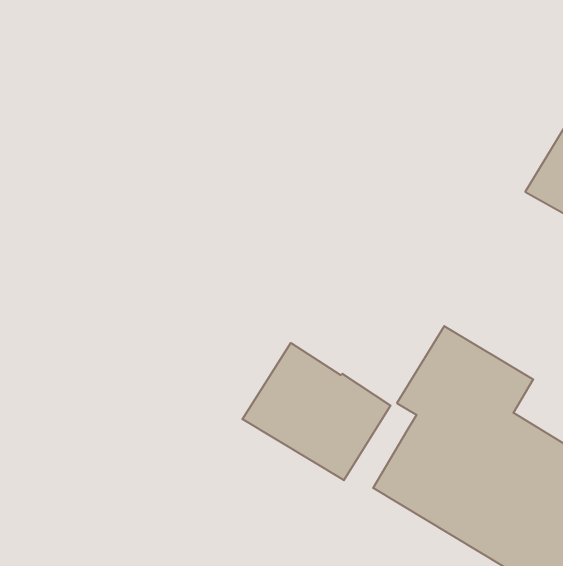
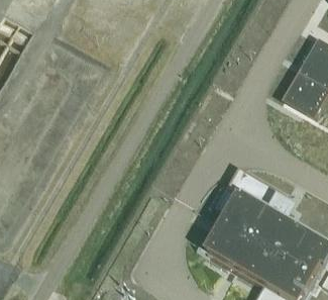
building: [242,343,390,480] -> none

